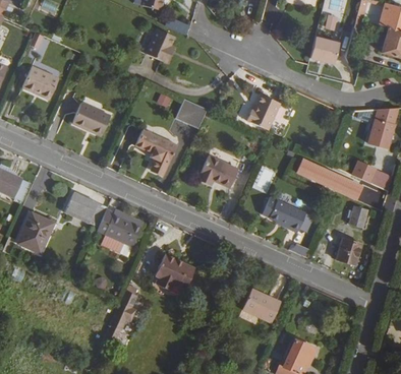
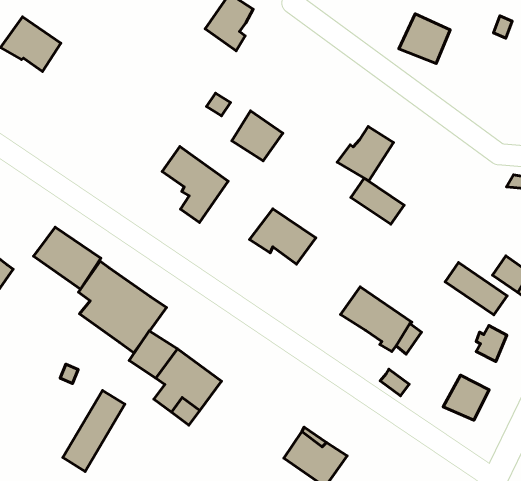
building: [309,36,339,64] -> [399,14,450,64]
building: [75,104,112,137] -> none
building: [295,159,329,184] -> [351,178,404,224]

